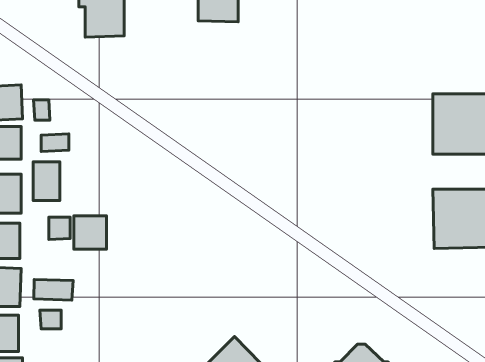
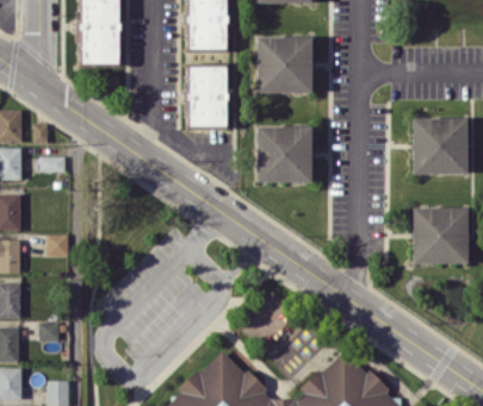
building: none -> [258,37,312,93]
building: none -> [188,67,229,127]
building: none -> [256,126,311,183]
building: [33,162,60,201] -> none
building: [74,216,106,249] -> none
building: [34,279,73,300] -> none

